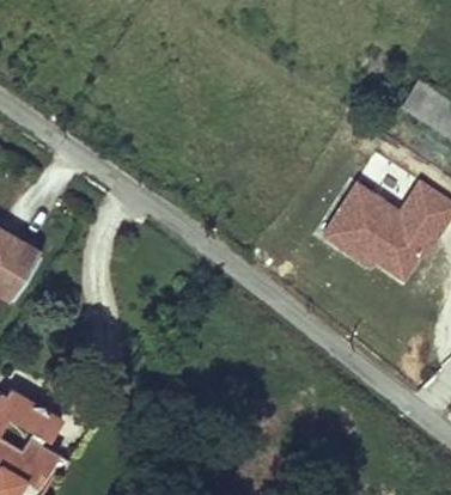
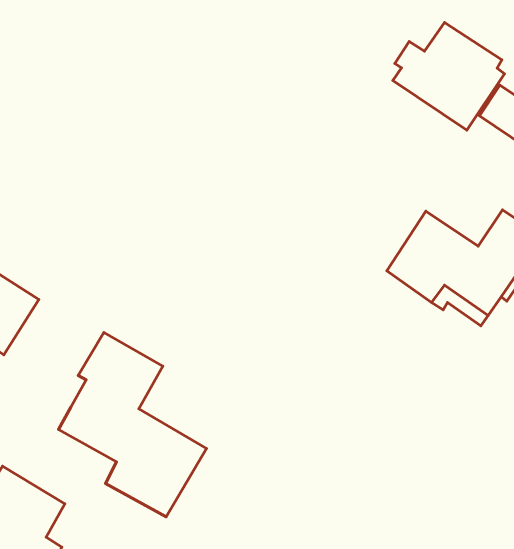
building: none -> [393,22,504,130]
building: none -> [58,332,207,517]

